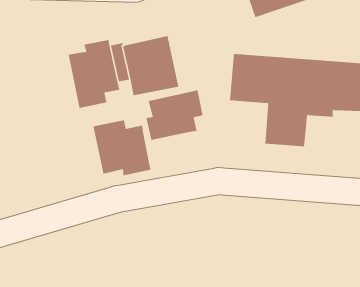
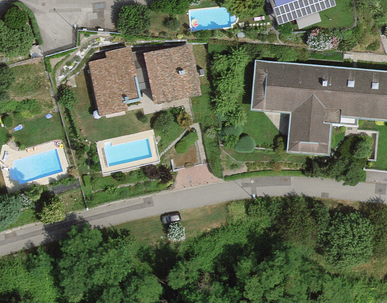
building: [146,90,203,141] -> none
building: [93,119,151,176] -> none

